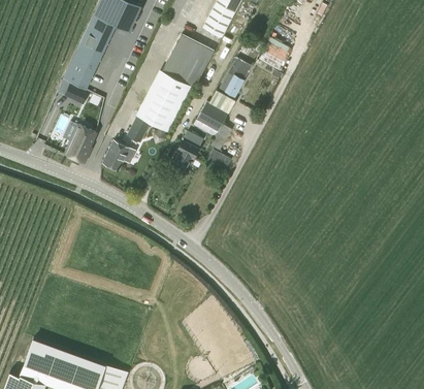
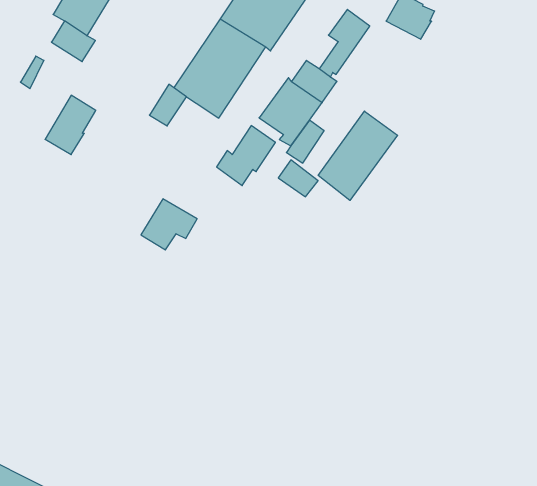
building: none -> [318,111,398,200]
building: [103,140,135,170] -> [141,199,197,250]

